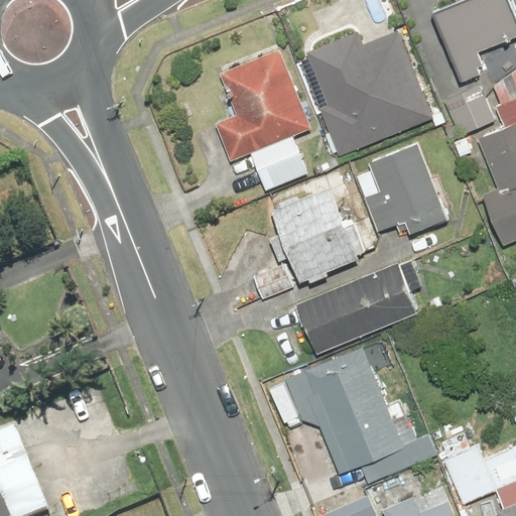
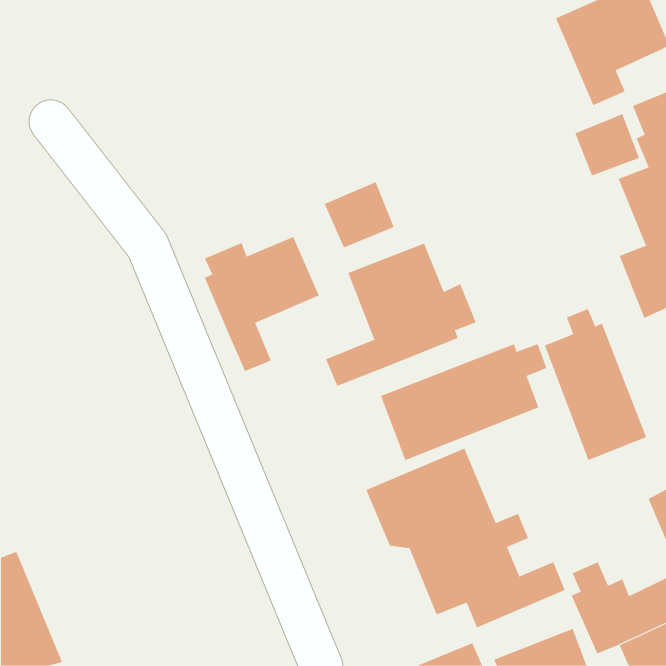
building: [306,29,432,155] -> none
building: [216,51,309,159] -> none
building: [365,144,444,234] -> none
building: none -> [204,236,319,372]
building: none -> [544,308,647,461]

